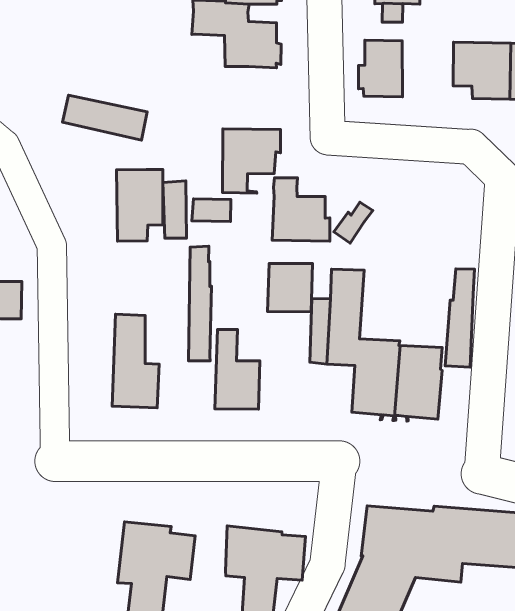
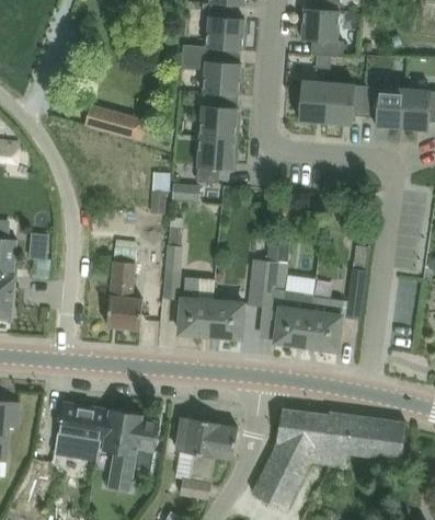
building: none -> [327,82,365,124]
building: [117,169,163,241] -> none
building: [272,178,330,241] -> [198,92,240,139]
building: [268,263,313,312] -> [210,301,244,337]
building: none -> [55,402,111,461]

